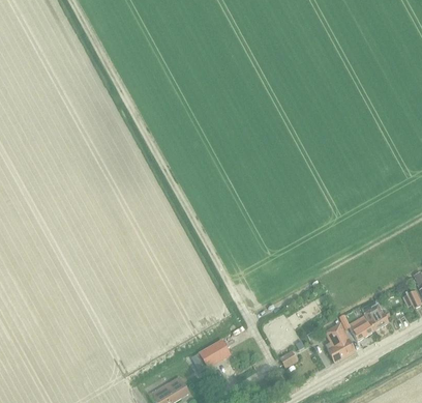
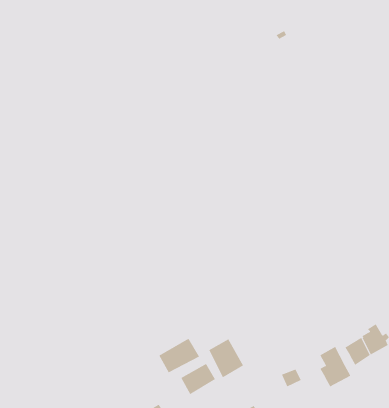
building: none -> [158,338,200,373]
building: none -> [208,338,244,378]

